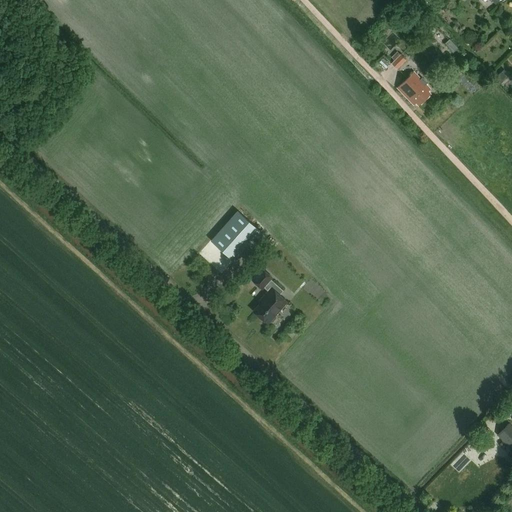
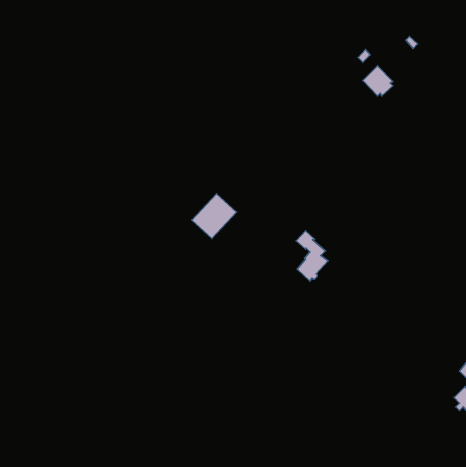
building: [253,269,288,324] -> [296,231,328,281]

